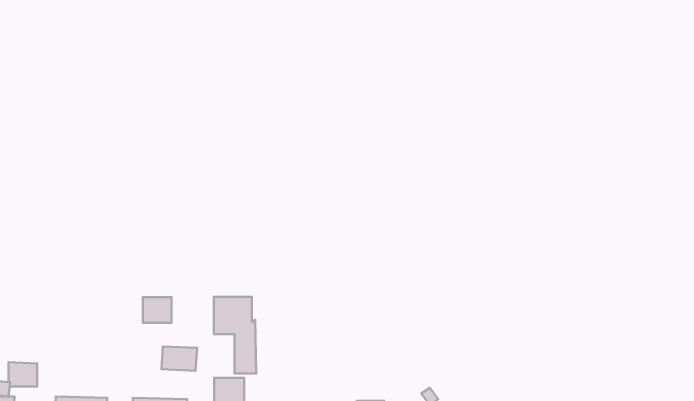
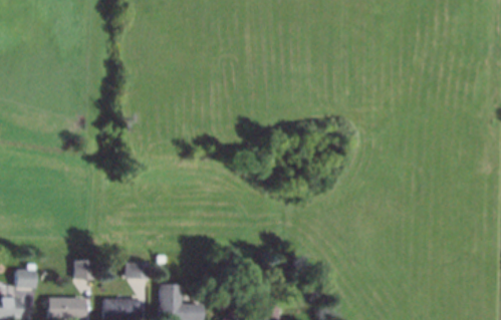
building: [214,297,256,373] -> none
building: [143,297,171,323] -> [74,260,94,278]

